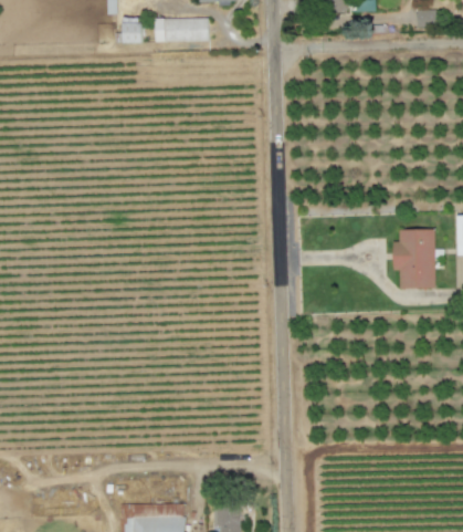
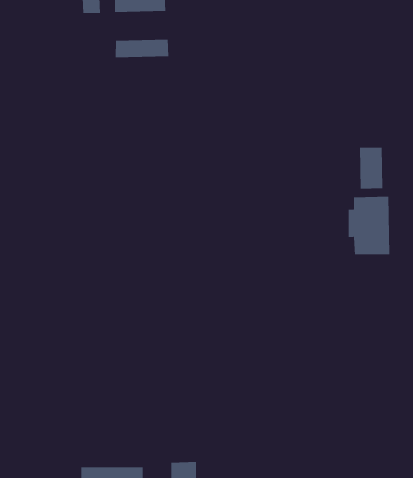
building: none -> [115,39,169,58]
building: none -> [359,147,383,190]

